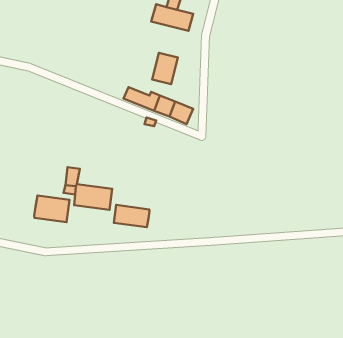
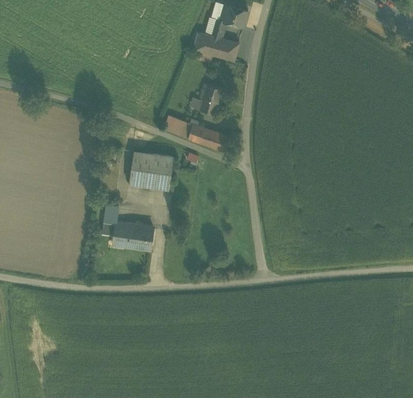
building: none -> [128,151,172,188]
building: [34,196,70,222] -> none
building: [114,205,150,227] -> none

